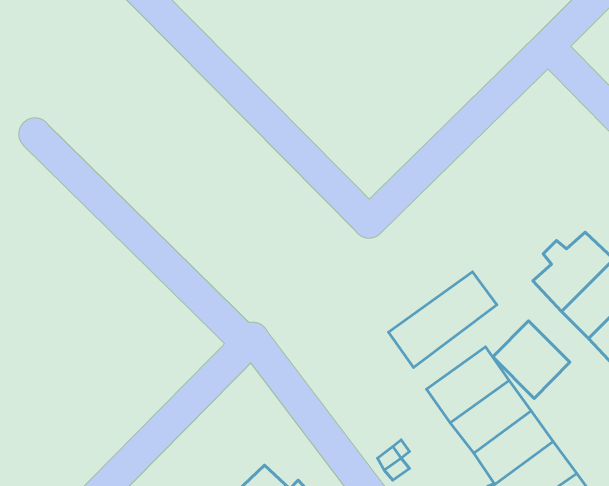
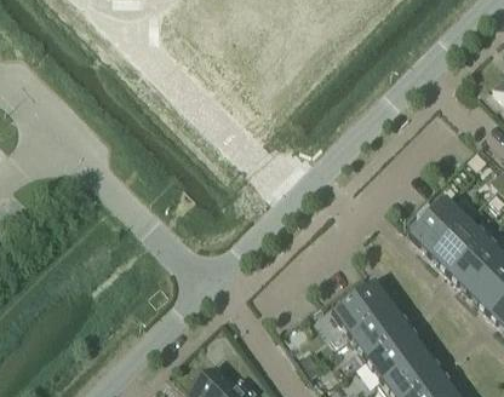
building: [388,272,497,367] -> none
building: [493,321,570,398] -> none

